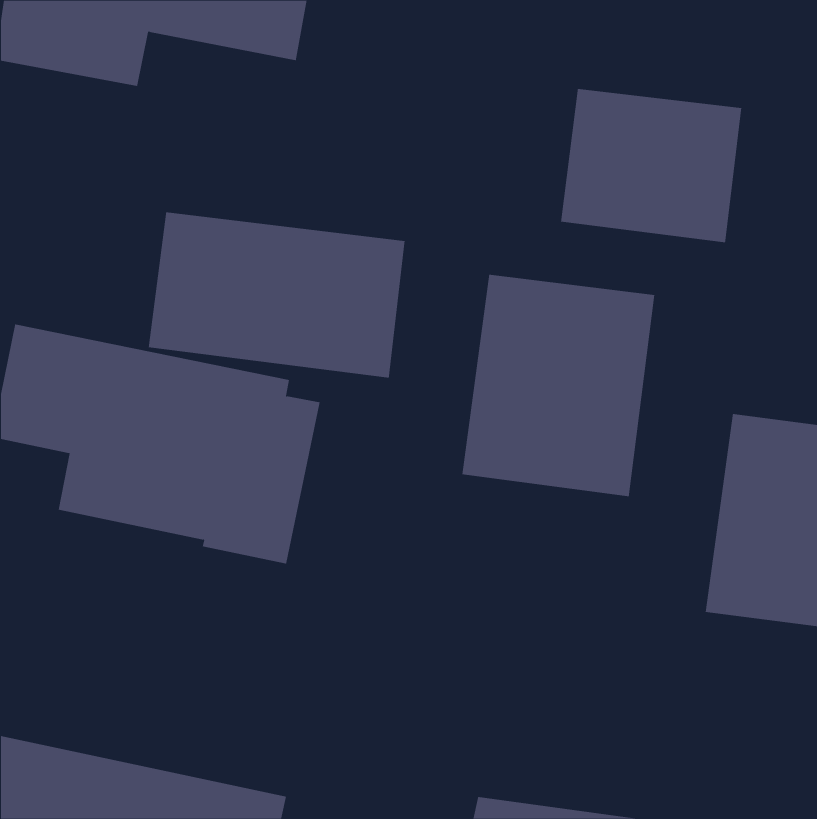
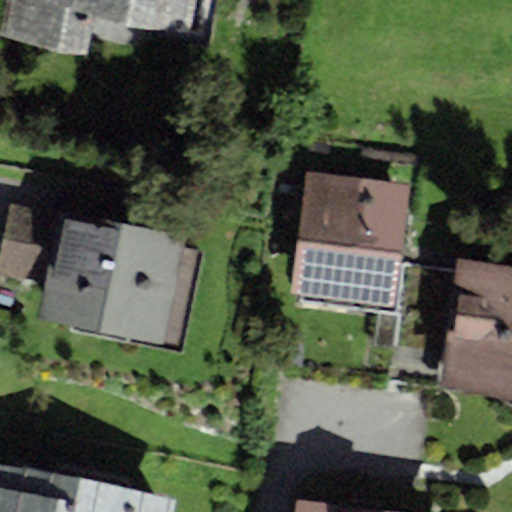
building: [560,88,742,243] -> none
building: [148,211,405,379] -> none

